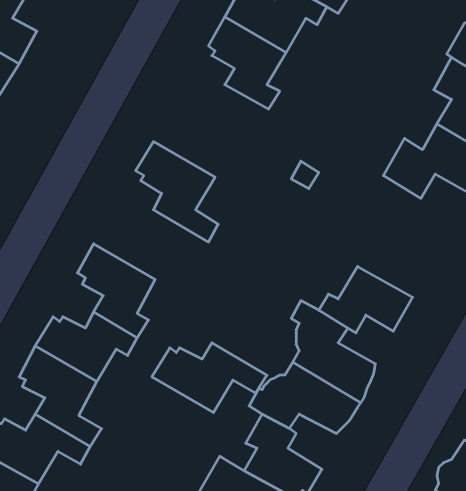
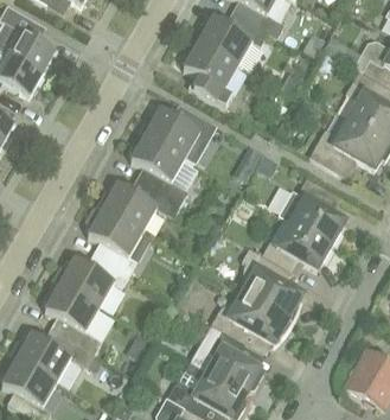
building: none -> [141,106,216,157]
building: none -> [279,176,345,244]
building: [152,343,267,413] -> [97,180,181,231]

